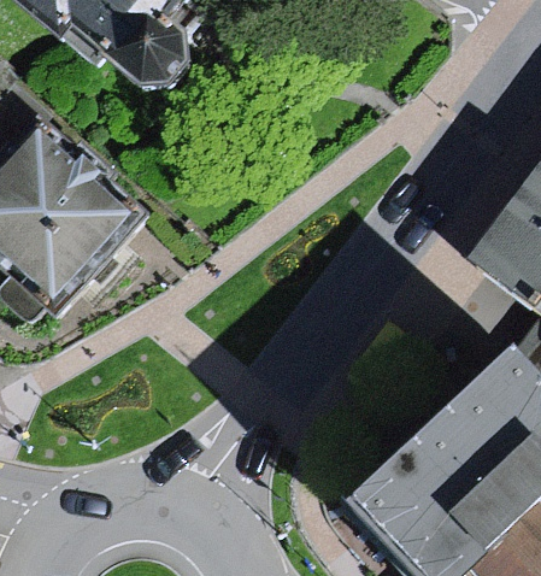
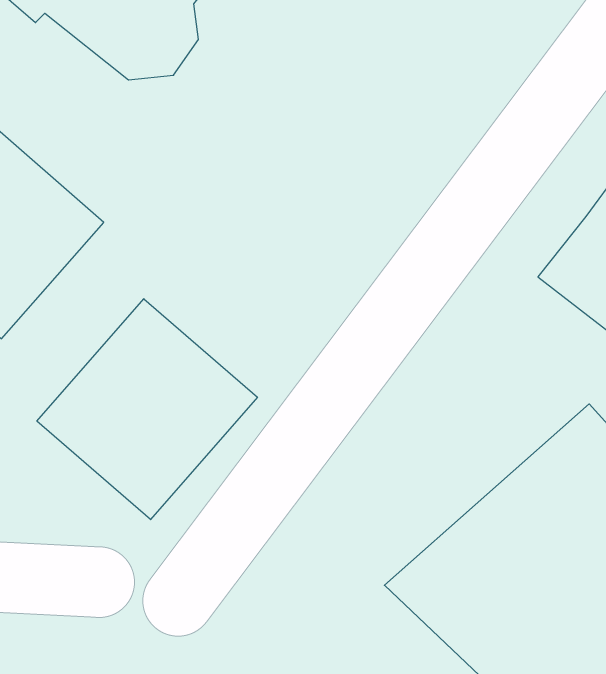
building: none -> [37,299,257,520]

